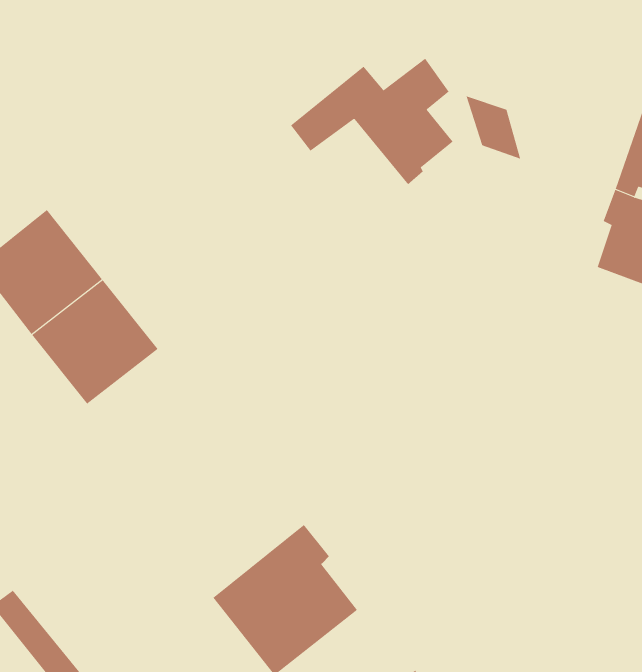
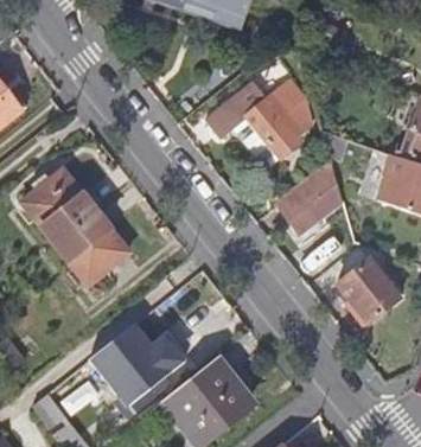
building: none -> [276,160,343,236]
building: none -> [337,260,395,320]
building: none -> [90,321,185,417]

